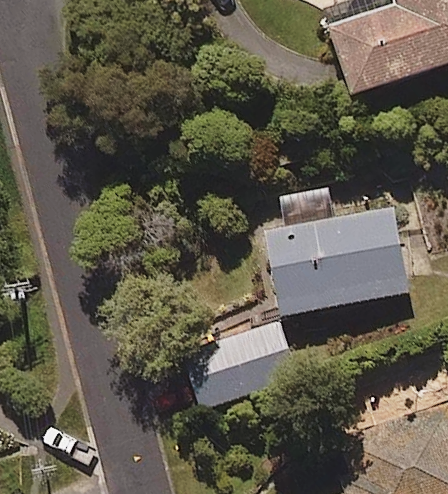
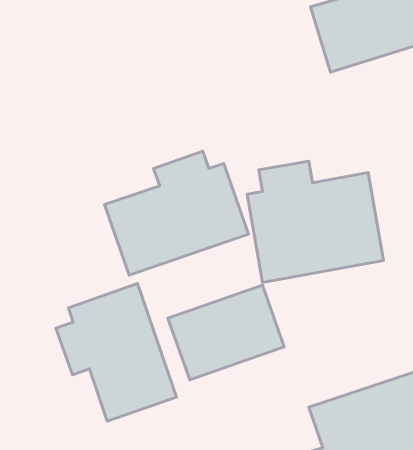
building: none -> [105,151,248,275]
building: none -> [56,284,176,421]

